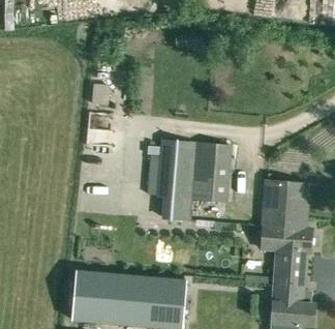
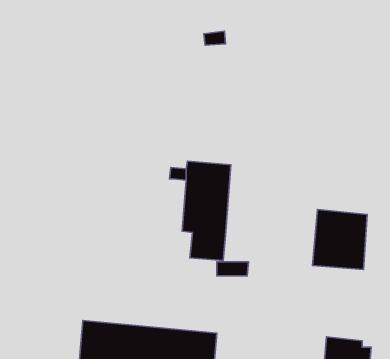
building: [192,144,232,203] -> none
building: [261,226,311,287] -> none

